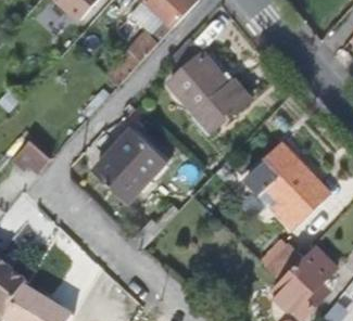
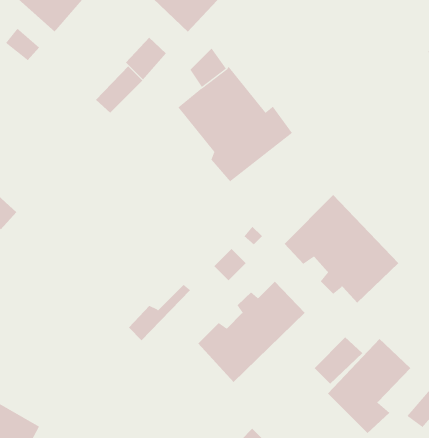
building: [96,129,166,200] -> none
building: none -> [197,281,306,383]

